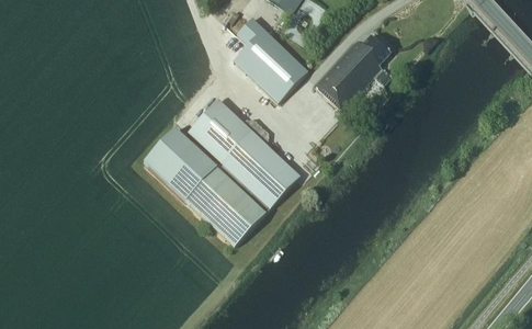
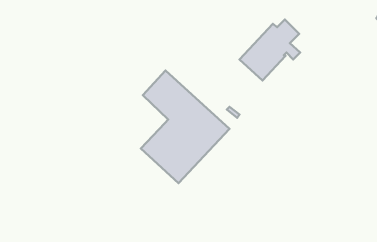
building: [233,18,307,102] -> none
building: [145,128,216,200] -> none

